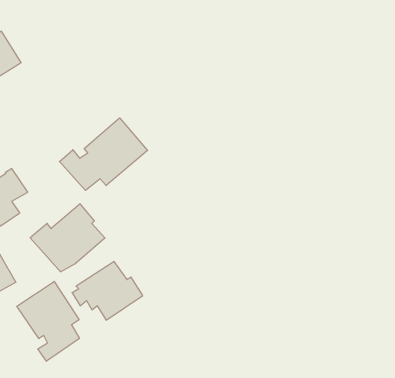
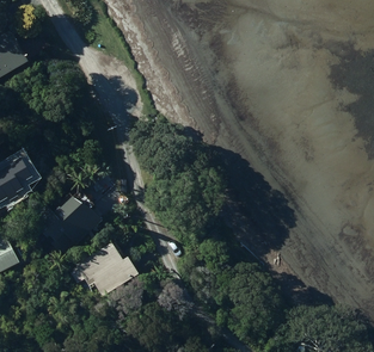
building: [59,118,148,190] -> none
building: [17,281,79,361] -> none

